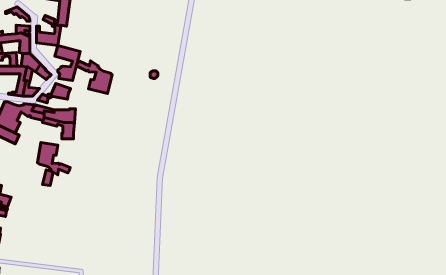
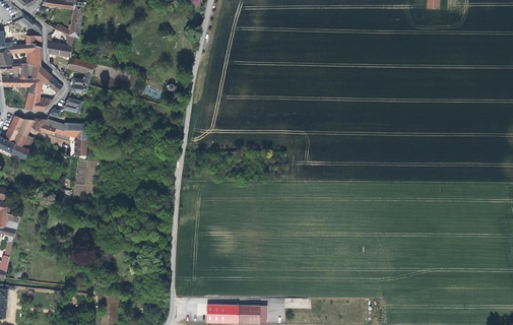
building: [76,61,112,94] -> none
building: [38,143,70,175] -> none

